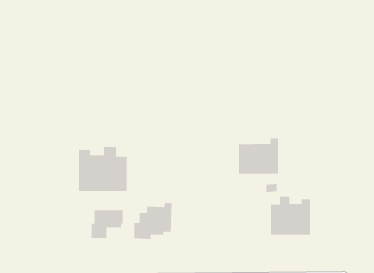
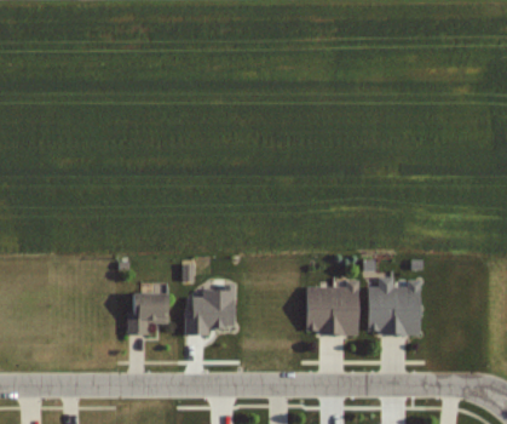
building: [238,138,279,174] -> [305,281,359,330]
building: [79,146,127,192] -> none

